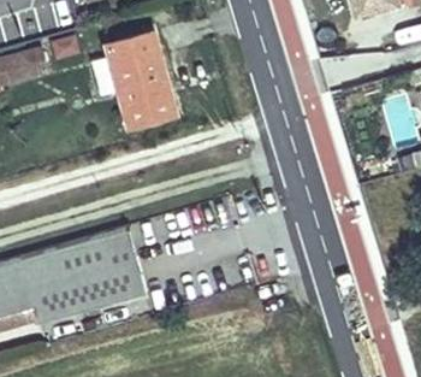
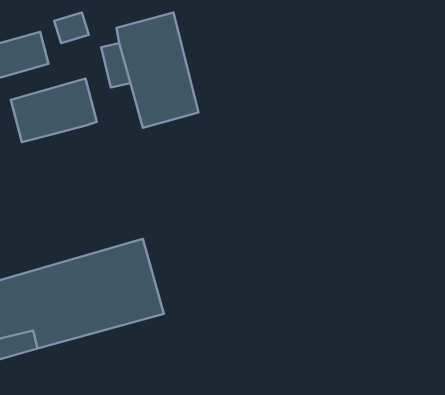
building: none -> [11,79,97,142]

